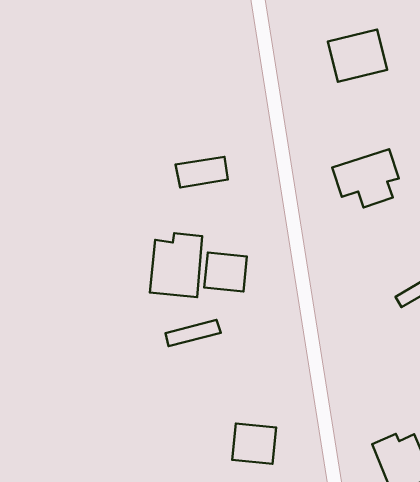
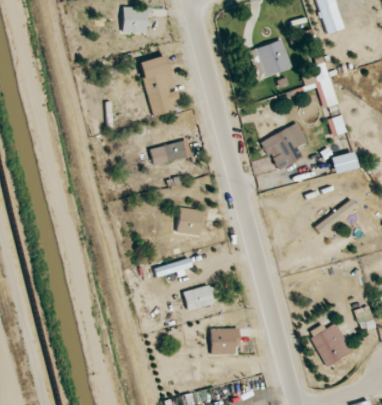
building: none -> [139,54,181,116]
building: [150,233,202,297] -> none
building: none -> [183,282,222,311]

